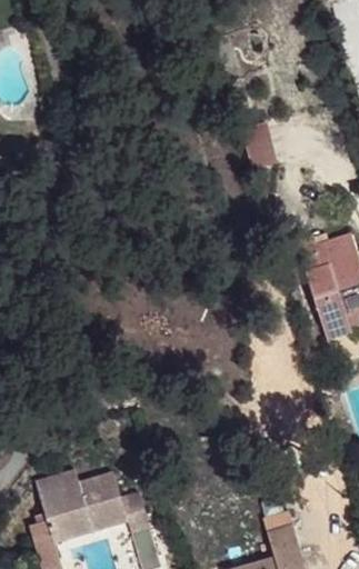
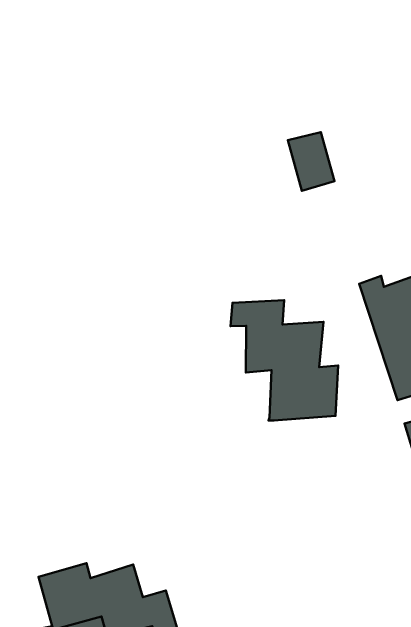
building: none -> [231,300,338,421]

